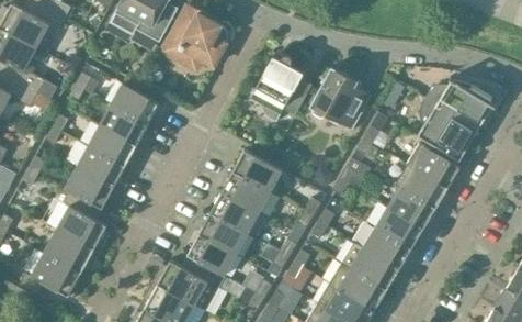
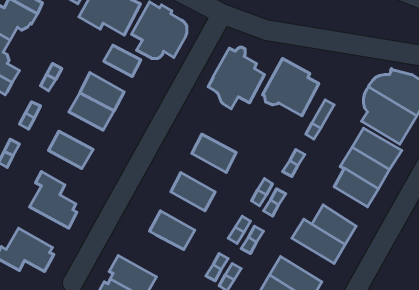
building: none -> [104,45,141,76]
building: [88,126,136,167] -> none
building: [65,168,113,210] -> none
building: [220,171,270,213] -> none
building: [375,208,423,251] -> none
building: [198,213,247,255] -> none
building: [44,230,99,274] -> none
building: [152,260,225,312] -> none
building: [329,264,387,311] -> none

